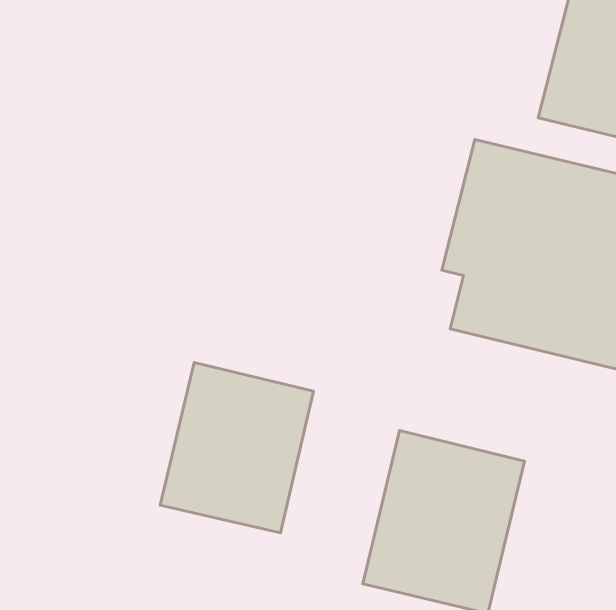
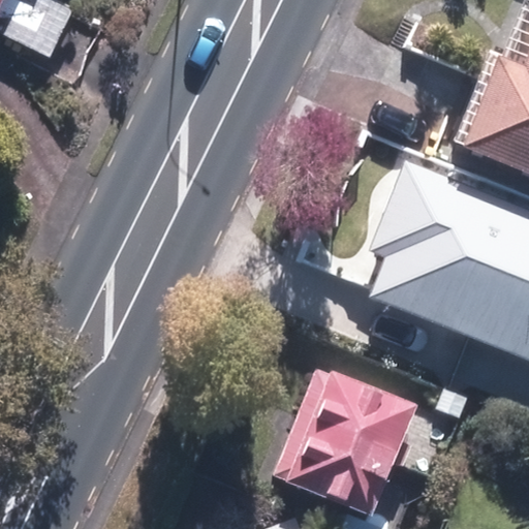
building: [160,363,314,533] -> none

